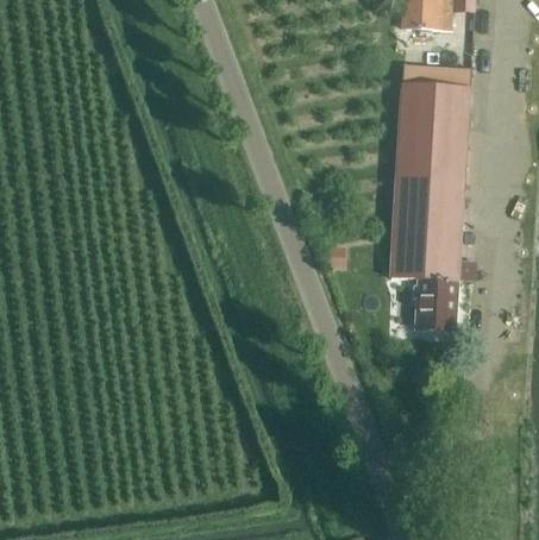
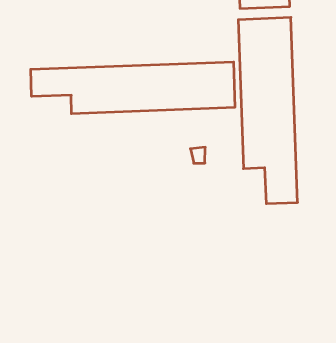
building: none -> [31,62,235,114]

